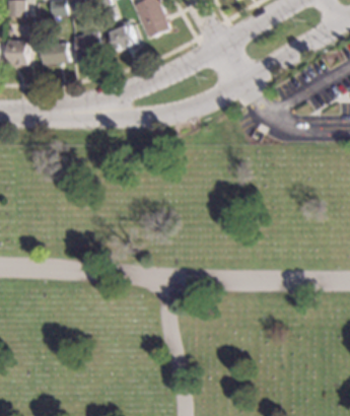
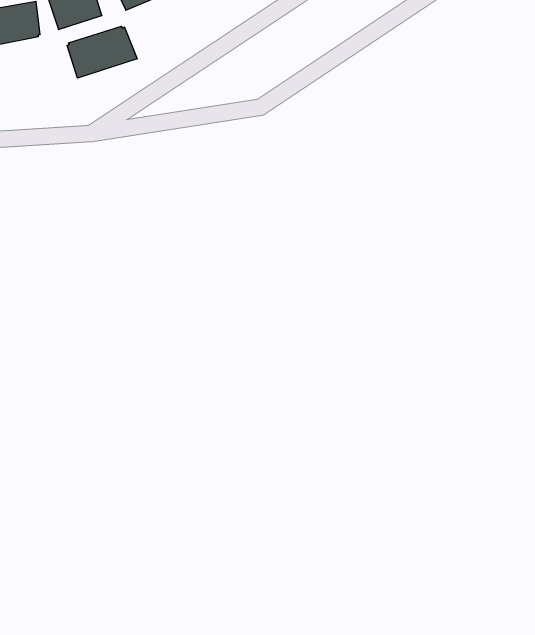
building: none -> [67,26,137,78]

